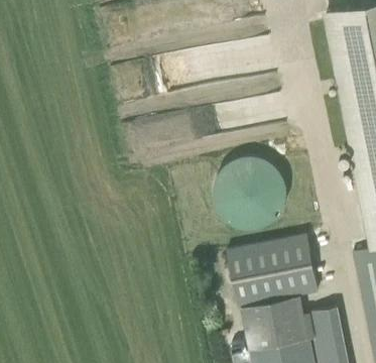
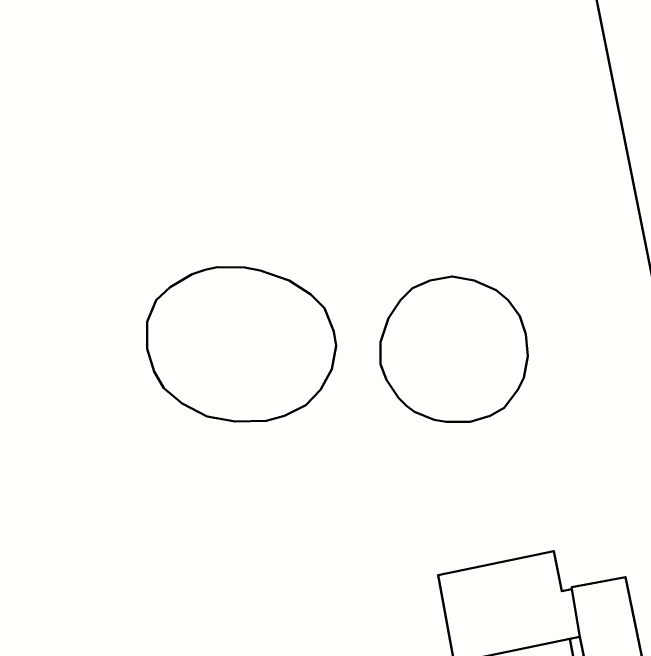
building: none -> [147,267,336,422]
building: [227,236,318,307] -> none

